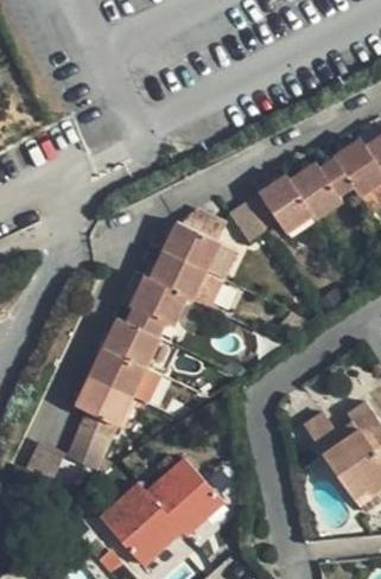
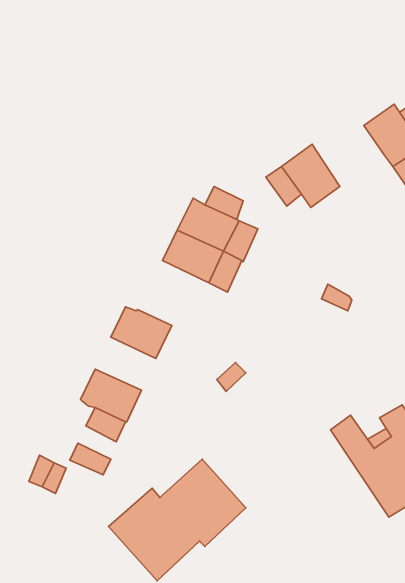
building: [288,158,350,217] -> none
building: [128,279,185,337] -> none
building: [90,348,145,395] -> none

